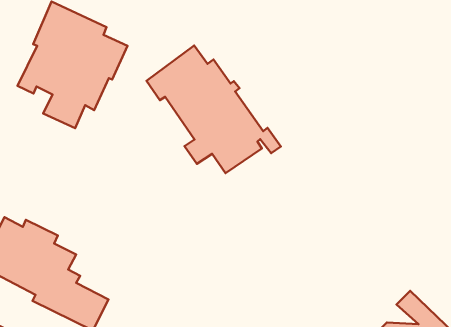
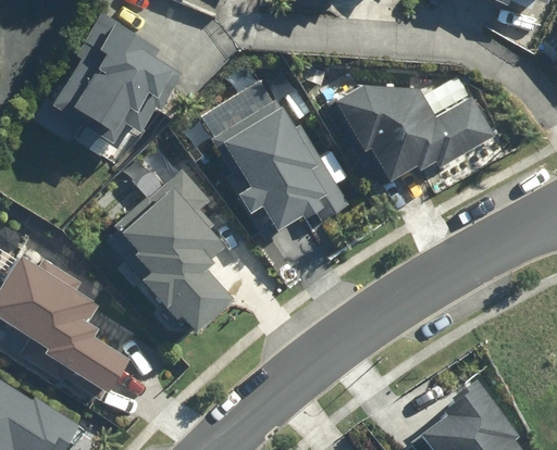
building: none -> [333,84,496,180]
building: none -> [114,168,233,334]

